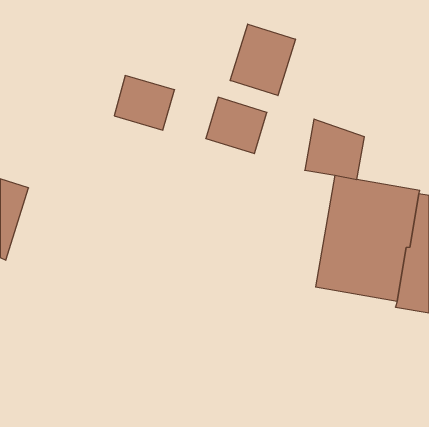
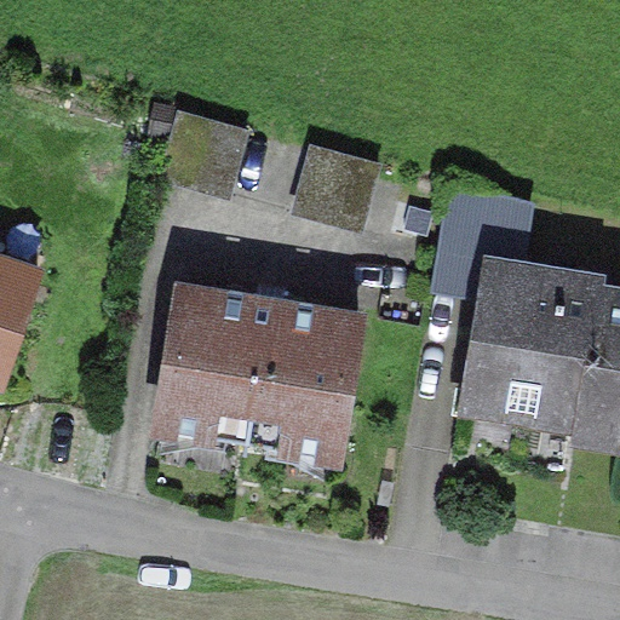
building: [230,24,295,96] -> none
building: none -> [150,291,356,460]

